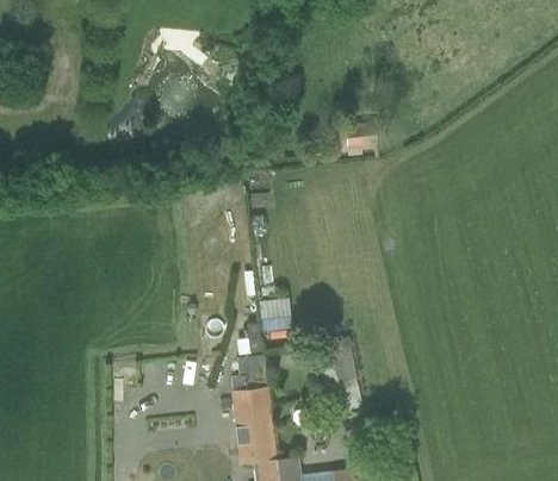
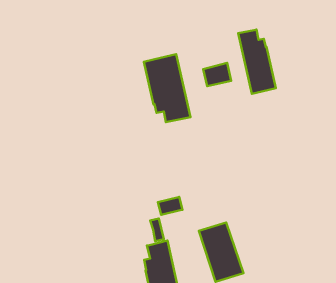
building: none -> [238,29,276,94]
building: none -> [144,54,190,122]

